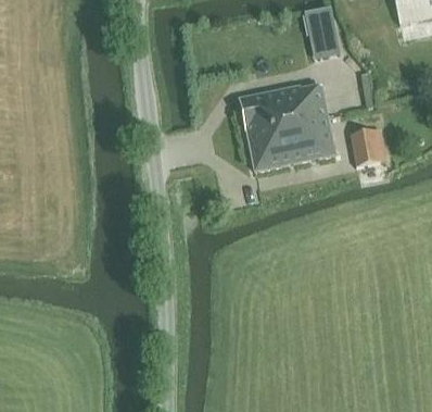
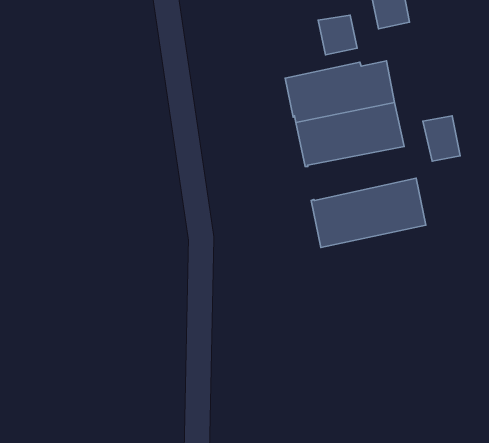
building: none -> [318,15,357,55]
building: none -> [311,178,426,247]

